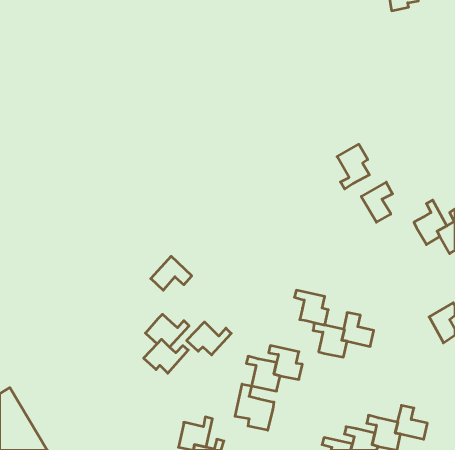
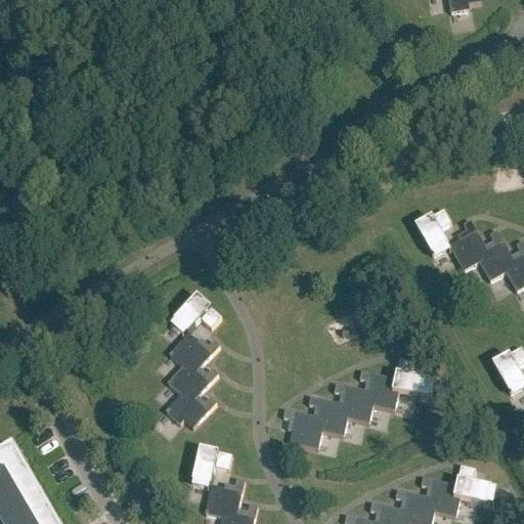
building: [337,144,369,189] -> none
building: none -> [448,219,486,270]
building: [294,290,328,325] -> [334,383,373,423]
building: [187,322,231,355] -> [168,332,219,369]
building: [235,384,274,430] -> none
building: none -> [191,447,230,485]

